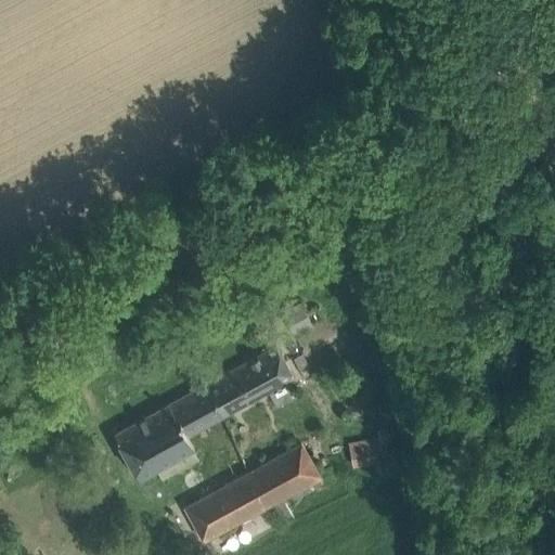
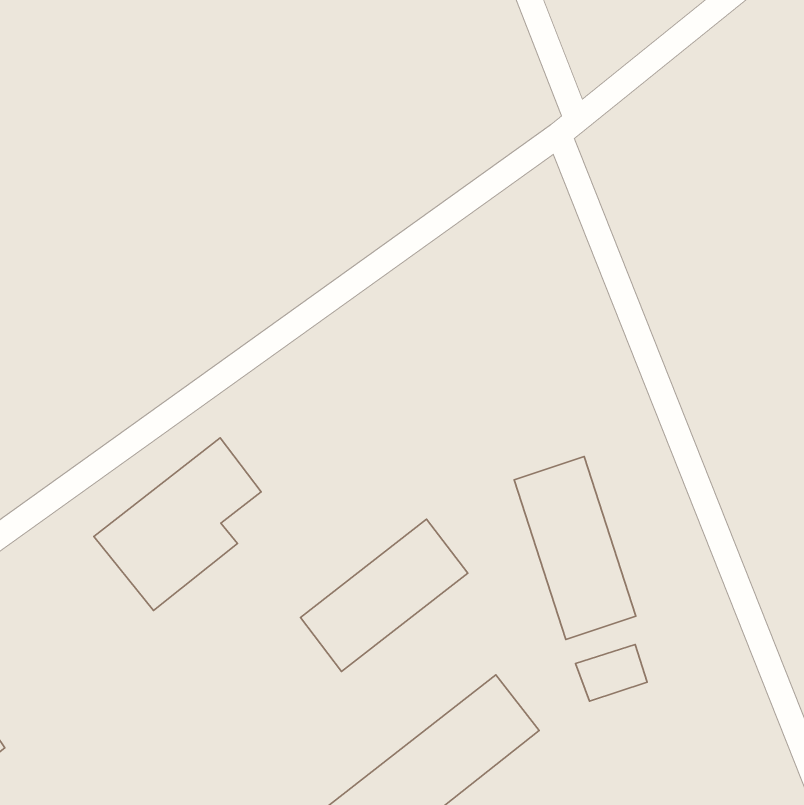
building: none -> [514,456,636,640]
building: [113,392,212,485] -> [94,438,261,610]

